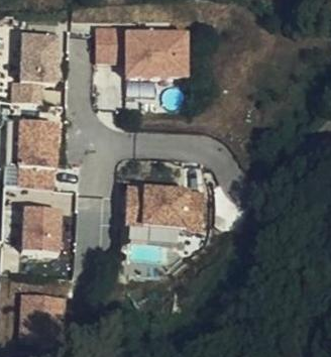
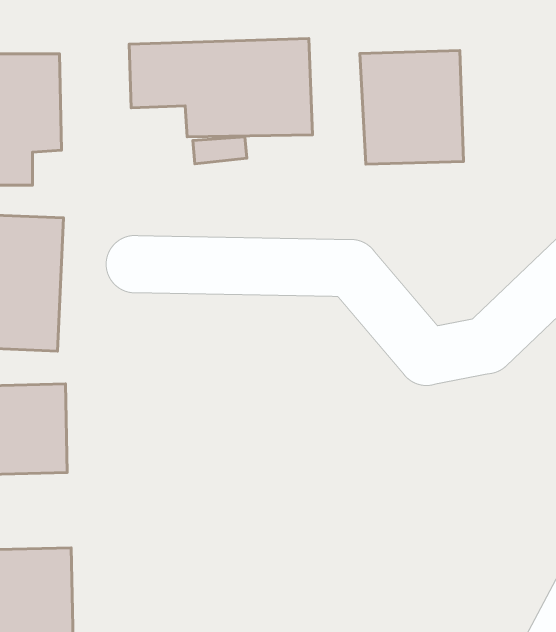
building: none -> [360,50,463,164]
building: [125,185,206,228] -> none

